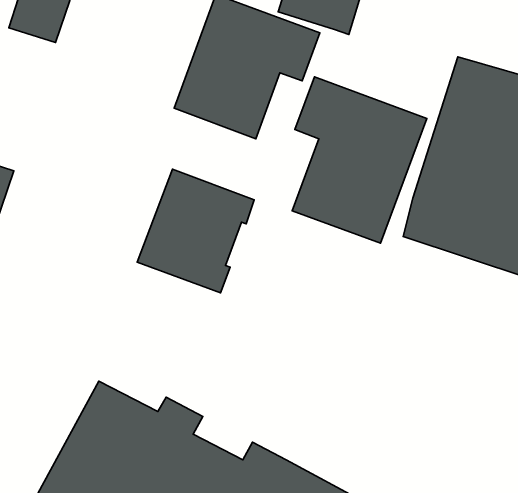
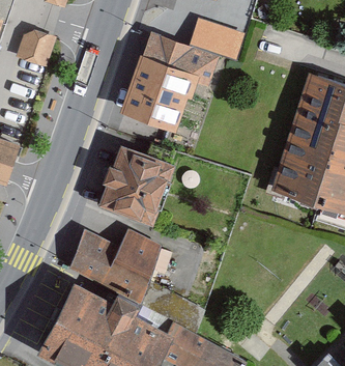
building: [292,77,427,243] -> none
building: none -> [69,227,204,334]

